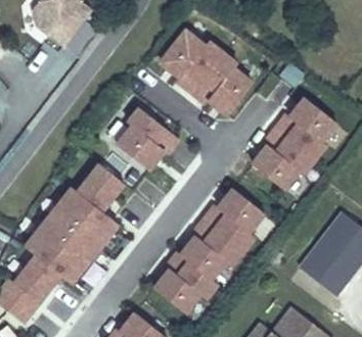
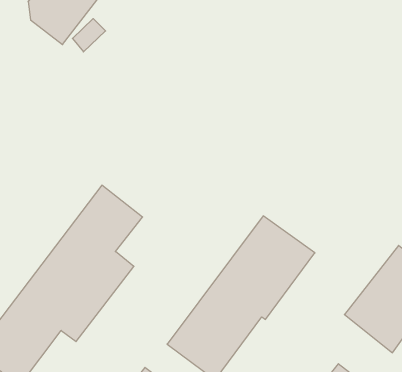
building: [151,26,257,124] -> none
building: [247,95,340,199] -> none
building: [106,103,180,175] -> none

